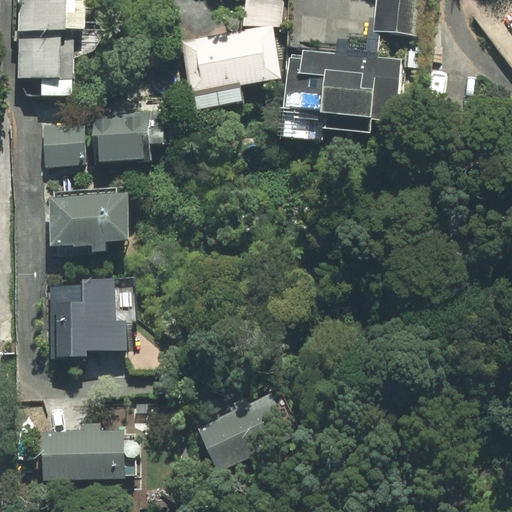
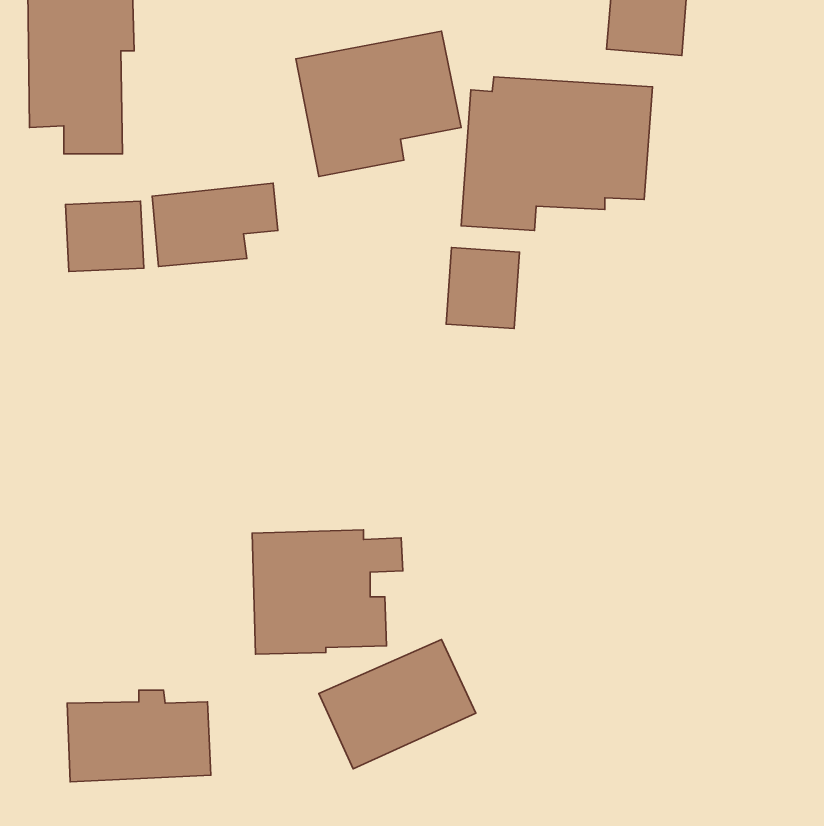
building: none -> [446,247,520,329]
building: [46,193,133,253] -> none
building: [44,279,136,355] -> [252,530,403,654]

